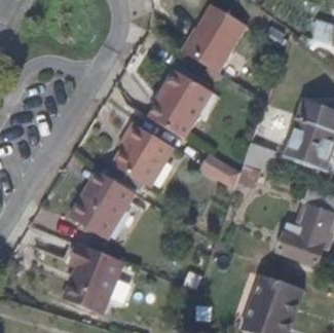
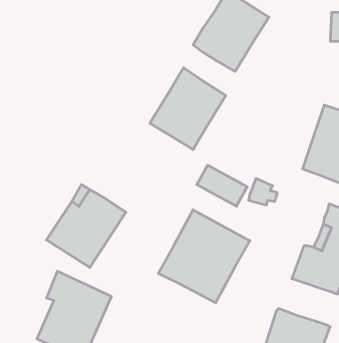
building: [112,118,174,184] -> none
building: none -> [158,210,250,303]

